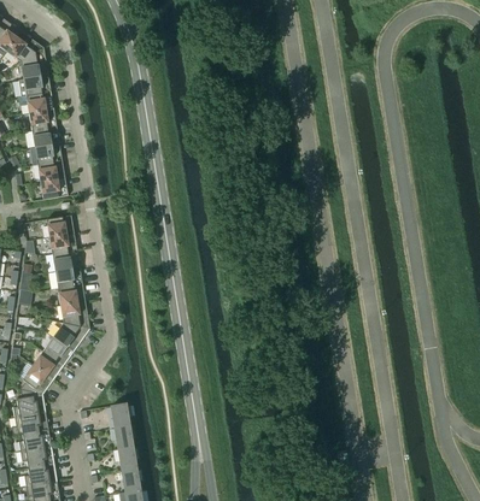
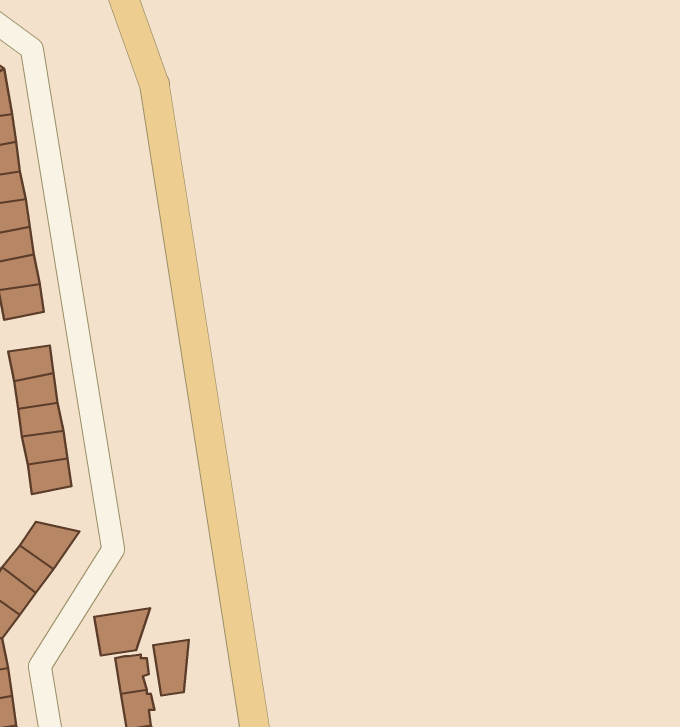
building: [60,301,89,329] -> none
building: none -> [94,608,150,655]
building: none -> [153,640,189,695]

